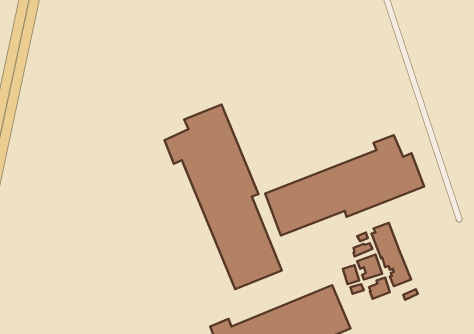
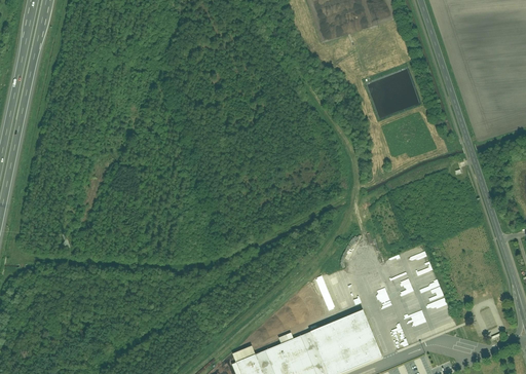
building: [164,105,282,289] -> none
building: [265,135,424,235] -> none

